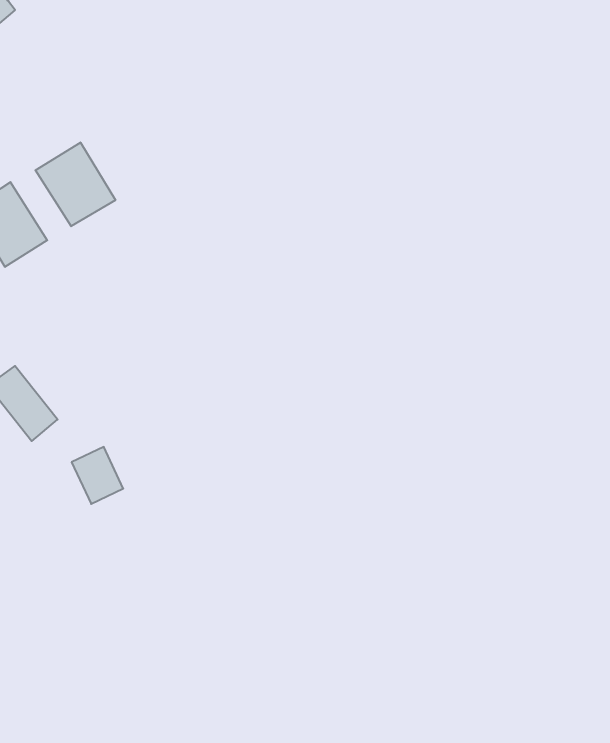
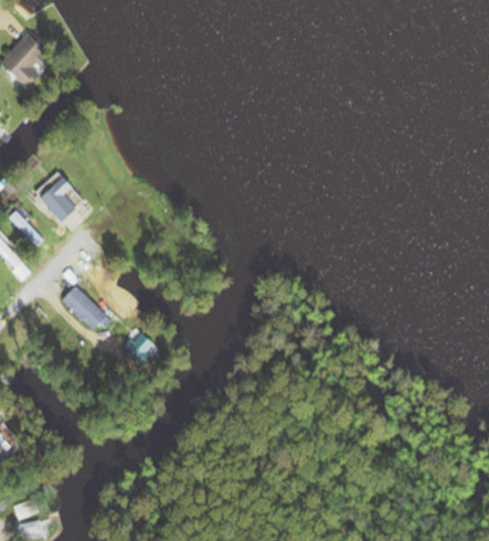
building: [35,142,115,226] -> none

